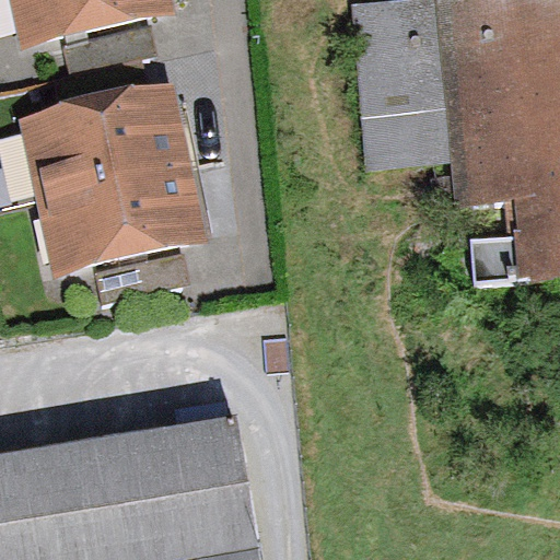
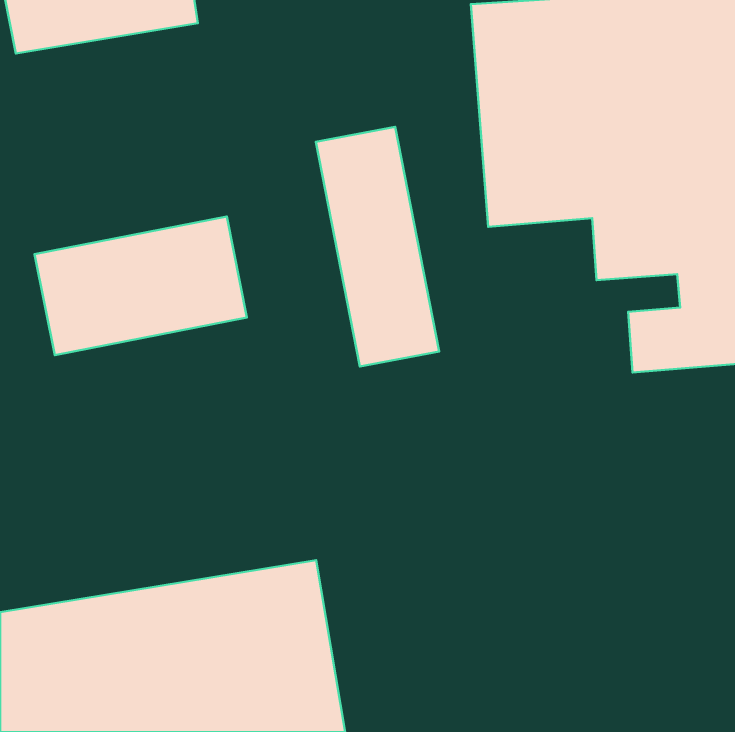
building: [13,89,174,192] -> none
building: none -> [316,127,439,367]

